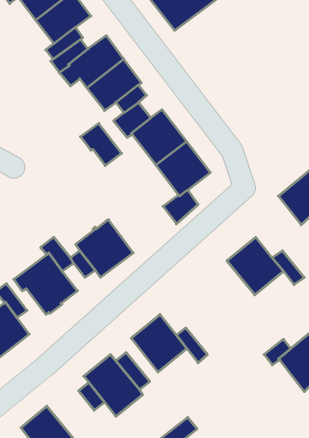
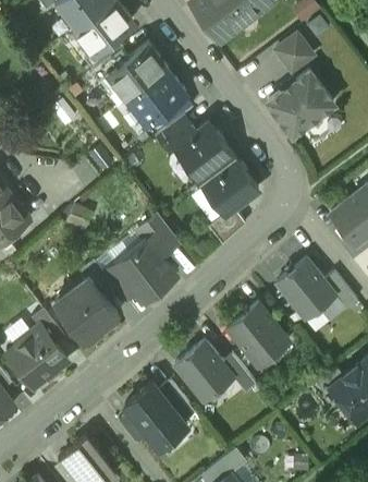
building: none -> [275,34,312,71]
building: none -> [268,71,333,134]
building: [80,123,122,166] -> [137,213,181,257]
building: none -> [228,302,289,365]

